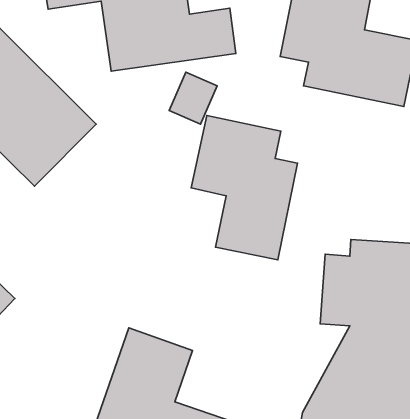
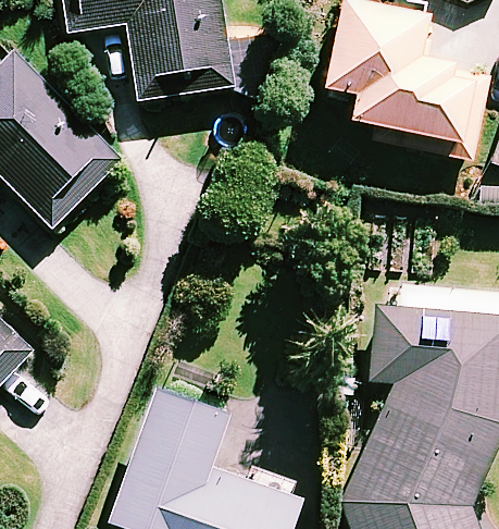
building: [191,115,298,260] -> none

